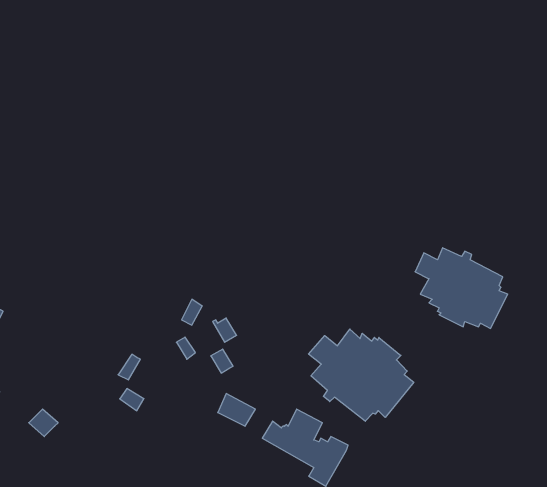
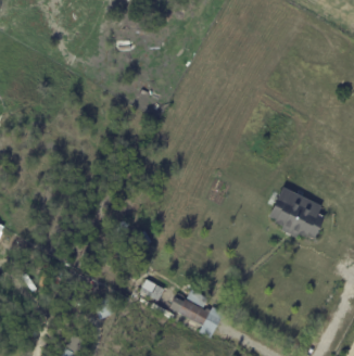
building: [309,329,414,421] -> none

